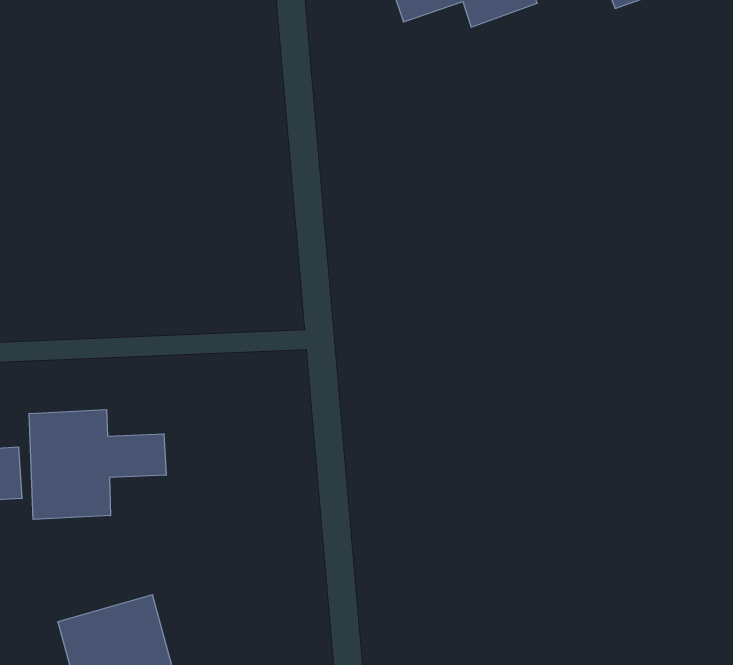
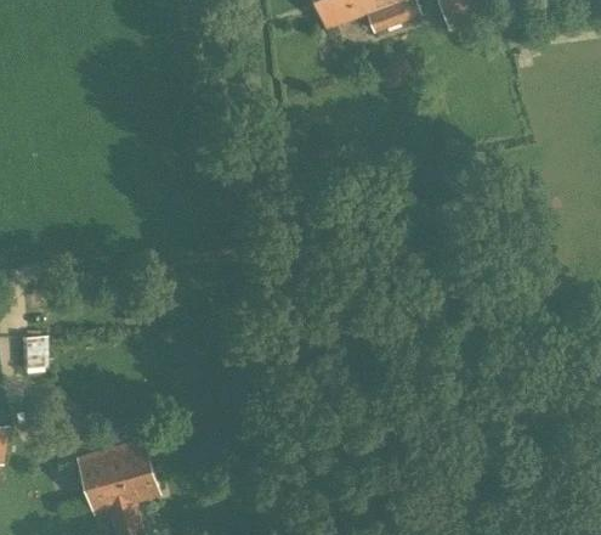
building: [29,410,166,519] -> none

